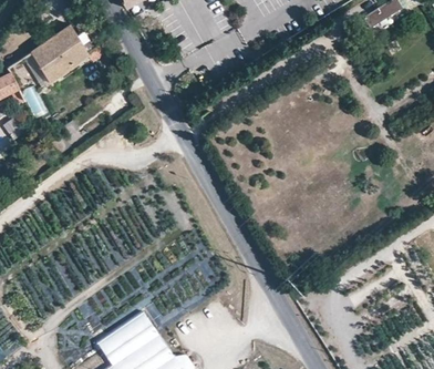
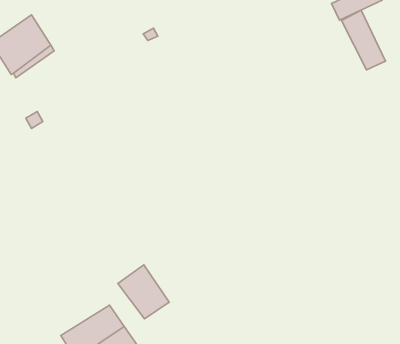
building: none -> [341,10,385,70]
building: none -> [118,265,169,319]

